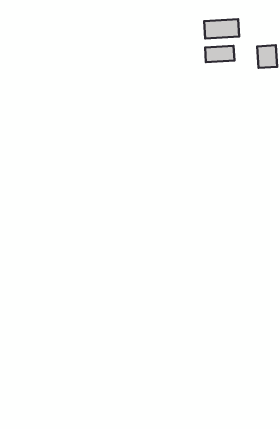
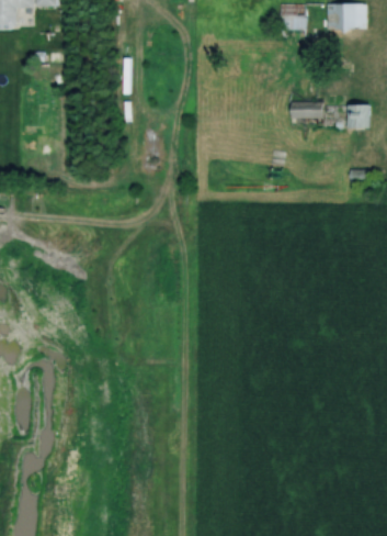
building: [204,19,239,38] -> none

